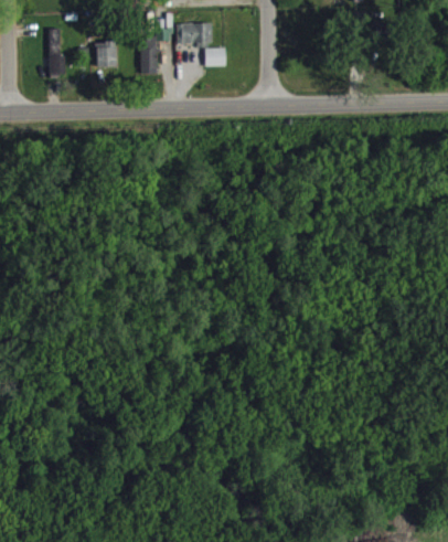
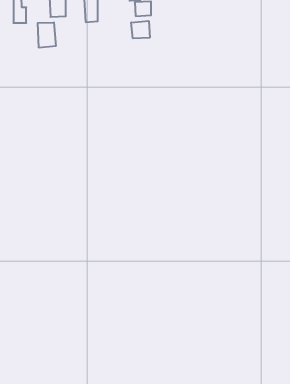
building: none -> [131,21,150,38]
building: none -> [38,22,56,48]

